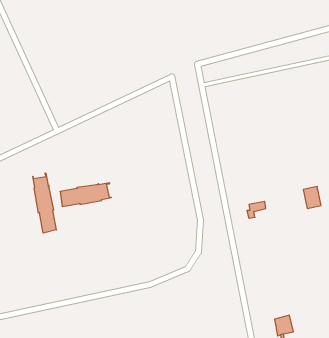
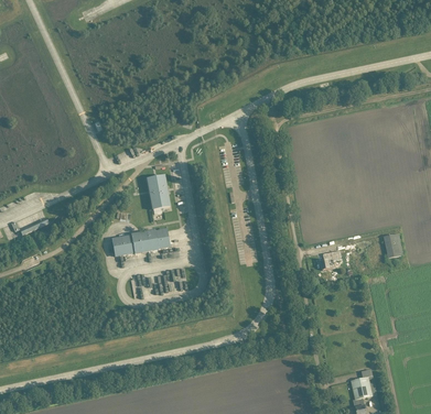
building: none -> [147,174,169,213]
building: [33,173,56,233] -> none

